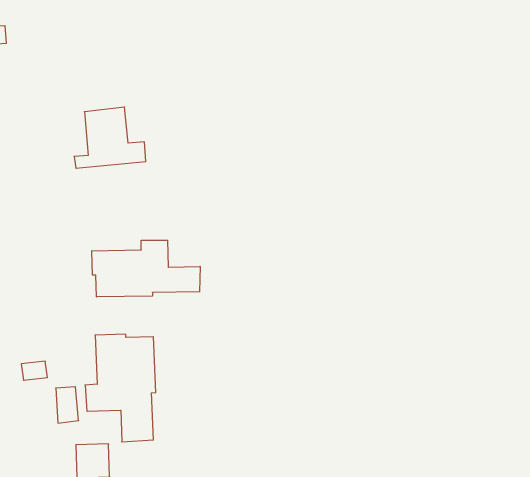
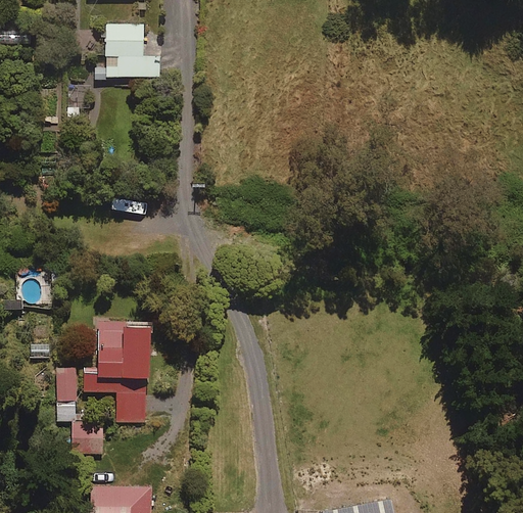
building: [74,107,146,168] -> [93,24,159,78]
building: [92,240,200,297] -> none

